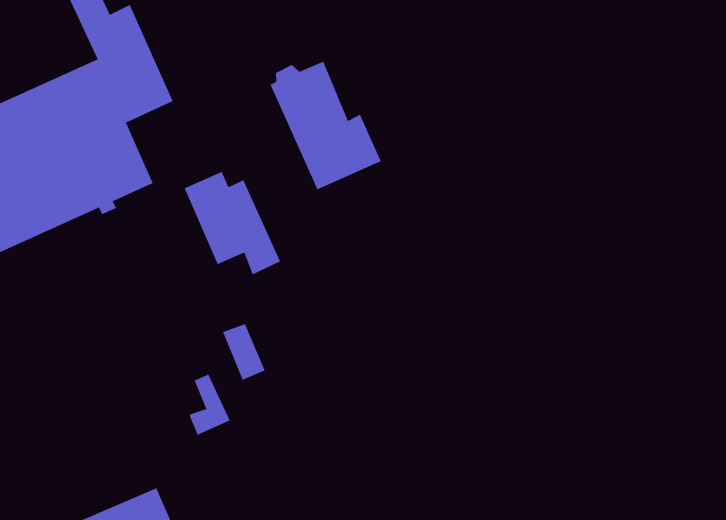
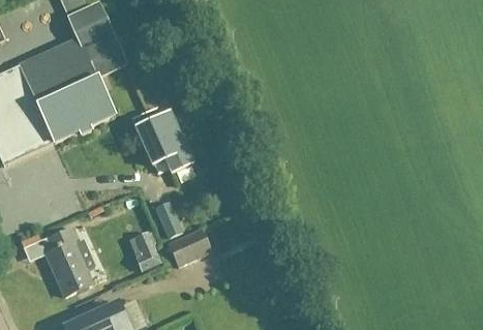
building: [270,61,381,190] -> none
building: none -> [47,227,92,295]
building: none -> [168,228,212,266]

